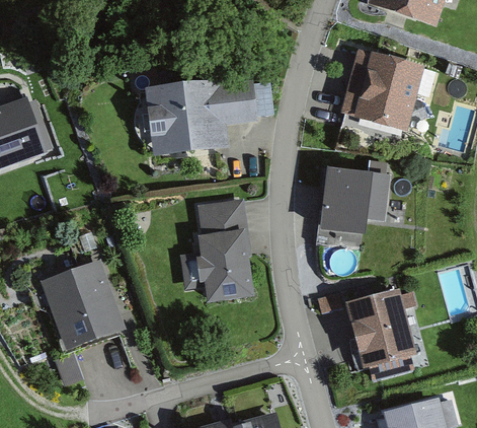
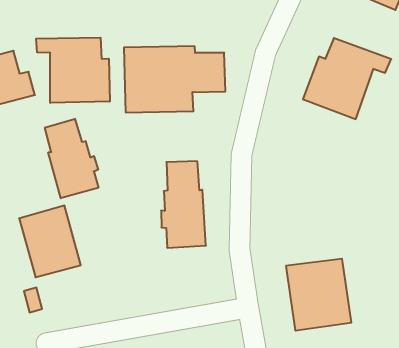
building: none -> [36,38,110,103]
building: none -> [45,119,98,198]
building: [315,168,390,236] -> none

